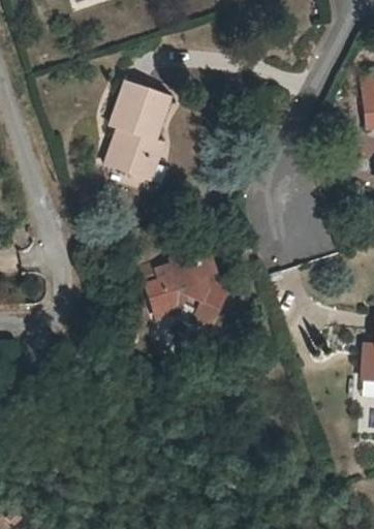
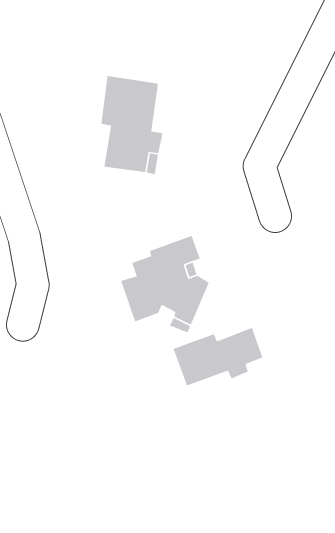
building: none -> [172,327,264,386]

